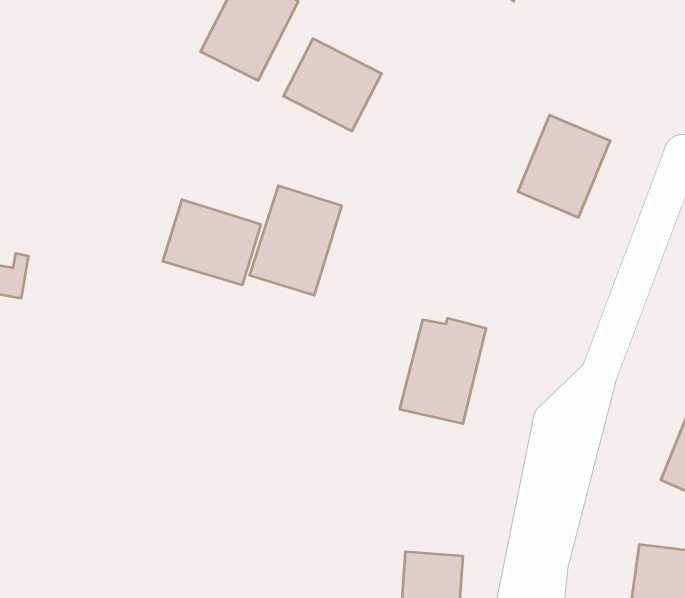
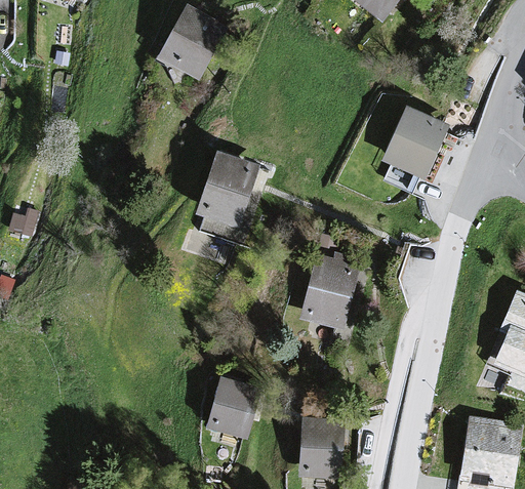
building: [283,39,382,131] -> none
building: [163,199,261,285] -> none
building: none -> [208,377,260,439]

